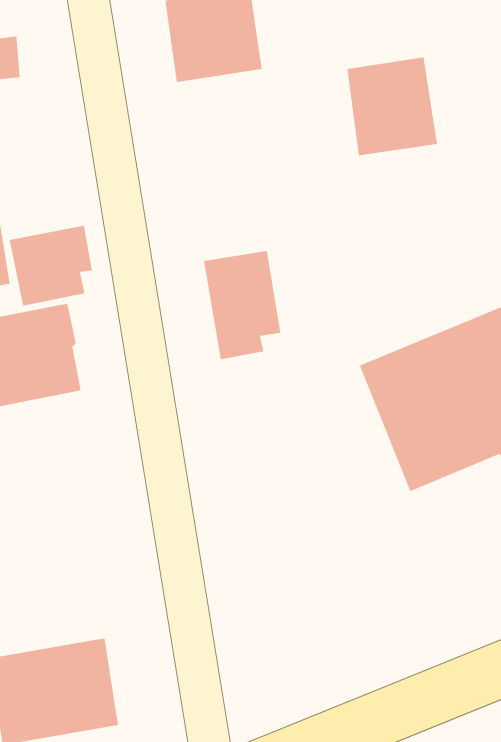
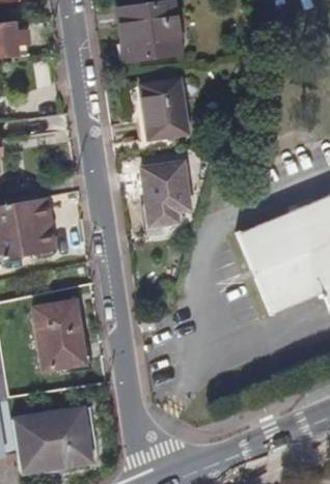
building: [346,57,438,156] -> [131,79,187,140]
building: [9,225,93,307] -> none
building: none -> [37,301,87,359]

